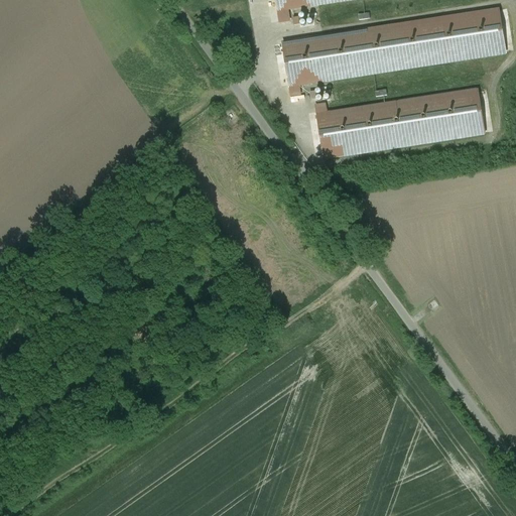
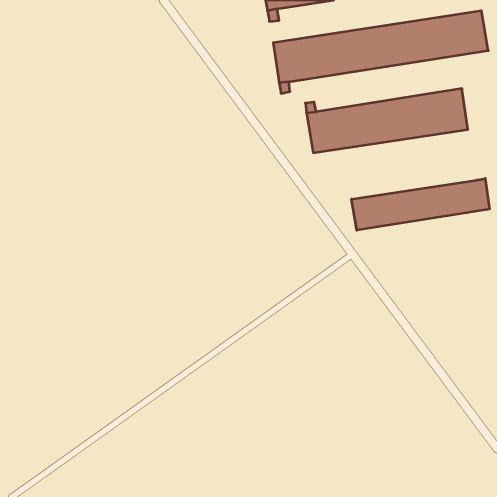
building: none -> [352,178,489,230]

